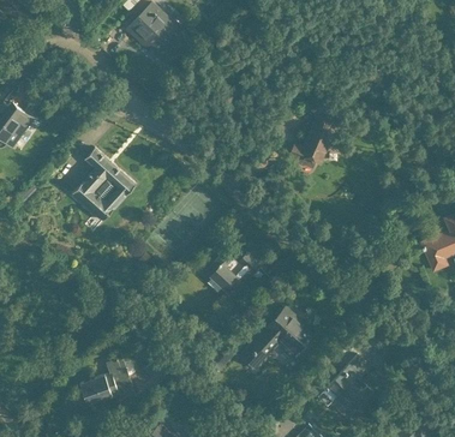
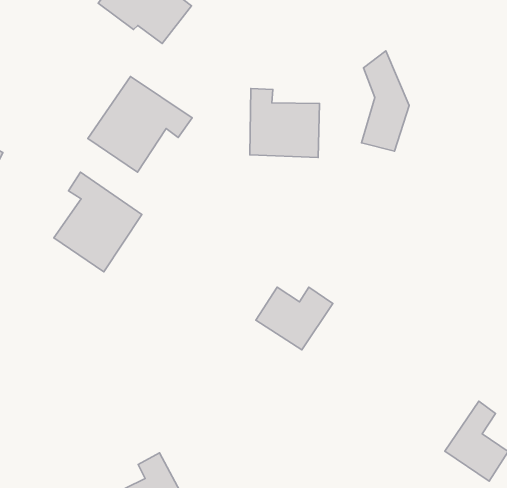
building: none -> [88,77,192,172]
building: none -> [250,89,319,157]
building: [239,307,321,369] -> none

